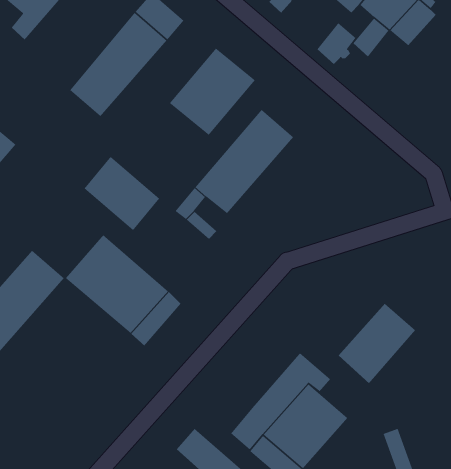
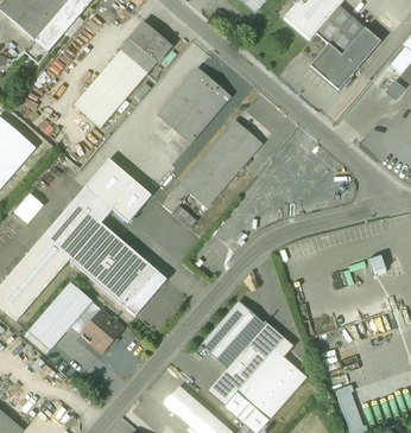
building: [317,22,357,65] -> [323,53,356,89]
building: none -> [43,185,112,260]
building: [338,303,416,384] -> [200,300,265,368]
building: none -> [27,281,91,348]
building: none -> [80,308,122,352]

